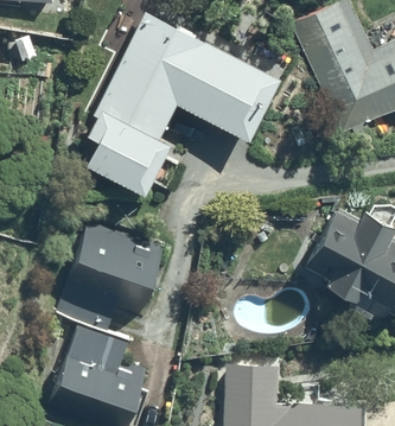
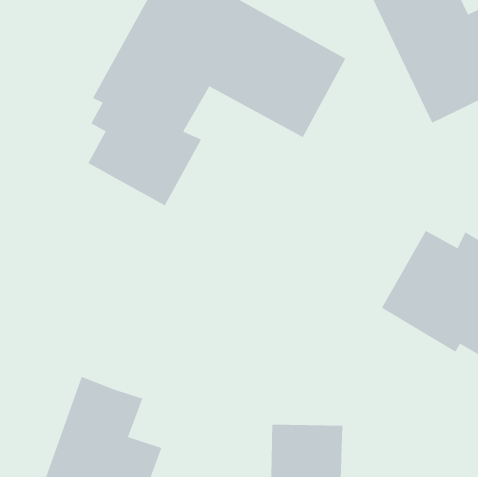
building: [53,220,168,331] -> none

